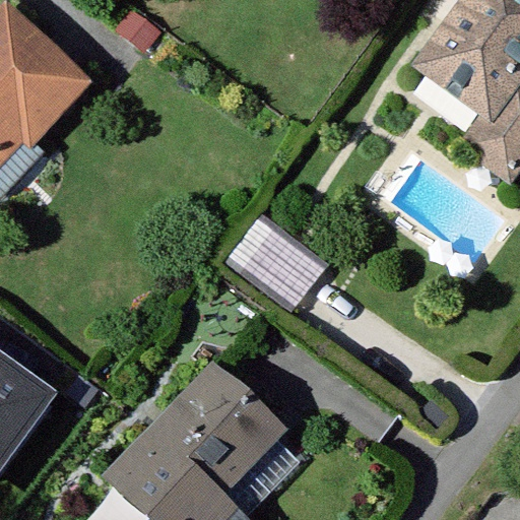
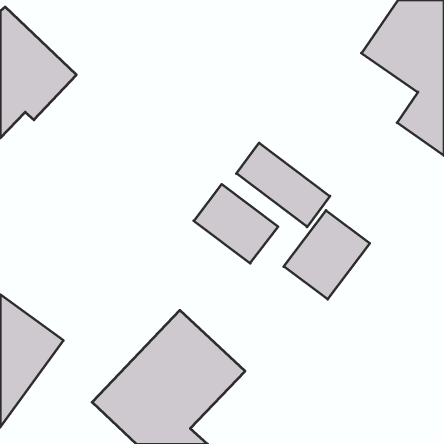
building: none -> [236,143,330,227]
building: none -> [284,210,370,299]

